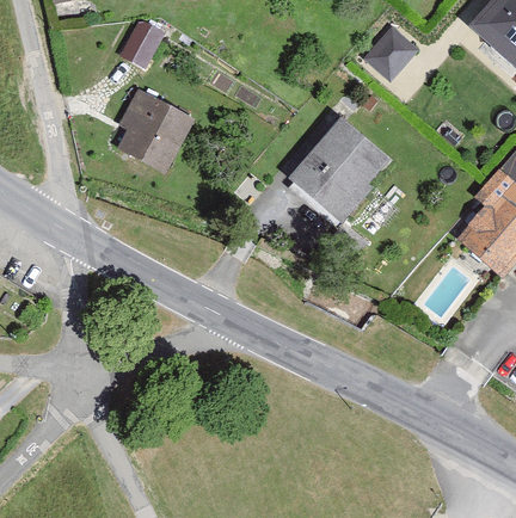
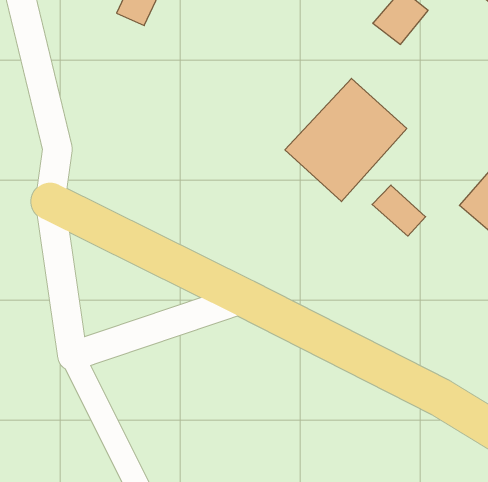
building: [115,88,195,172] -> none
building: none -> [372,185,426,236]

